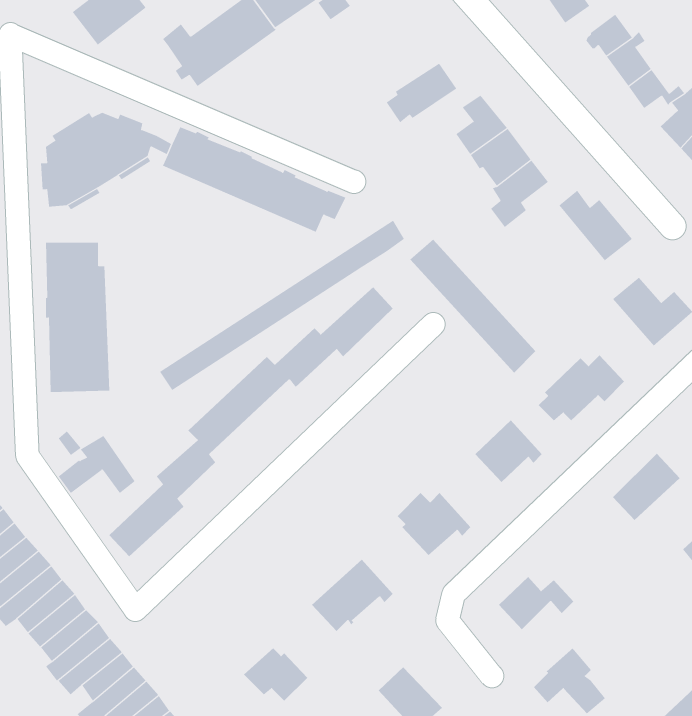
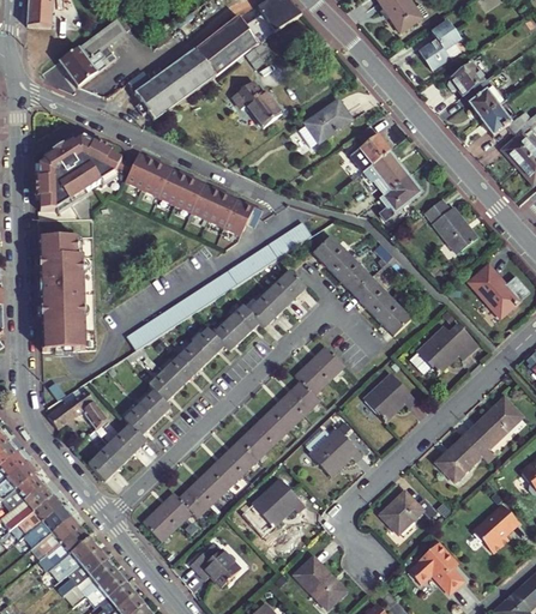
building: none -> [233,79,282,126]
building: none -> [141,348,342,540]
building: none -> [434,431,492,482]
building: none -> [475,505,520,552]

